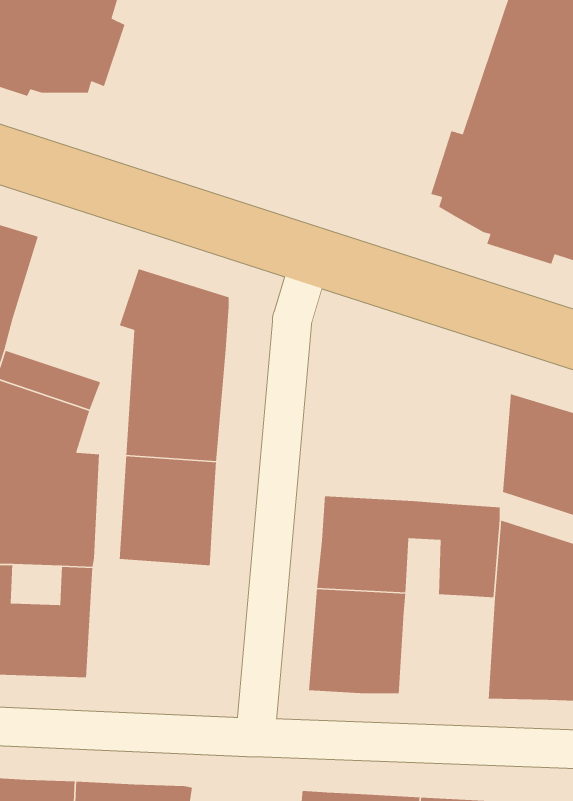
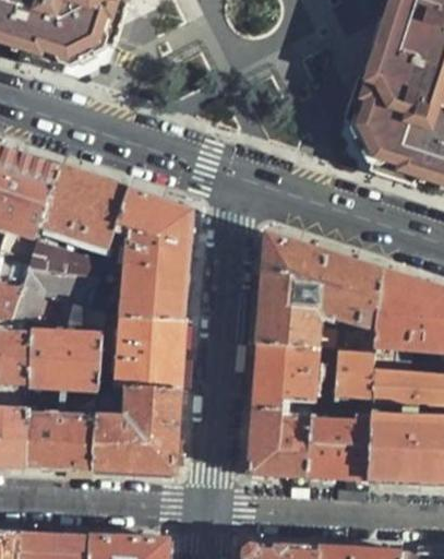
building: none -> [47,165,132,247]
building: none -> [259,234,385,349]
building: none -> [97,384,181,469]
building: none -> [310,411,374,480]

